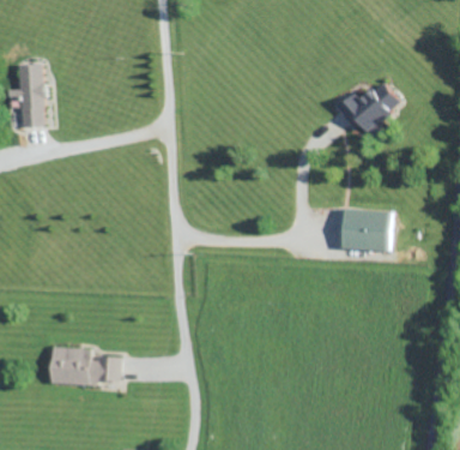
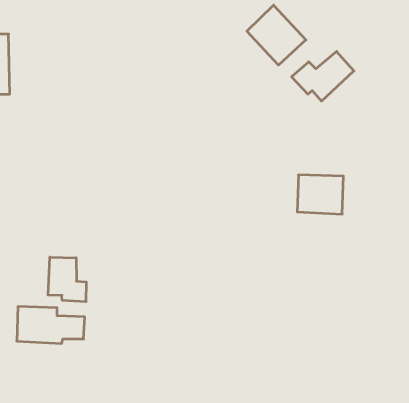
building: none -> [247,5,306,65]
building: none -> [48,257,86,302]

